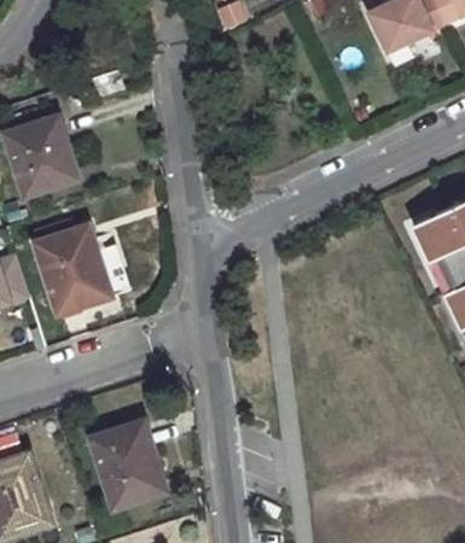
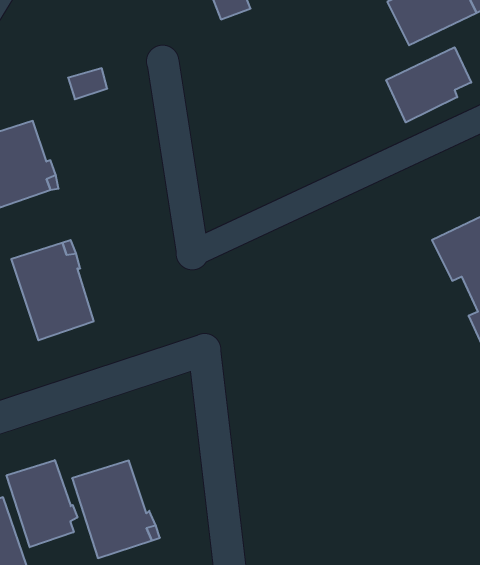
building: none -> [386,47,471,122]
building: none -> [7,460,77,547]

